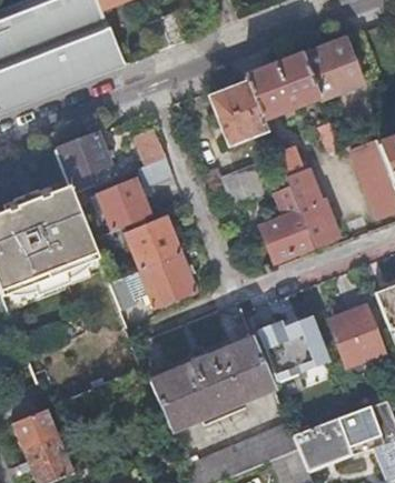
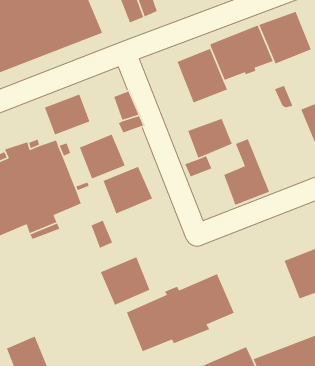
building: [279,158,340,244] -> none
building: [138,252,196,309] -> [100,256,151,306]
building: [258,315,329,380] -> none

